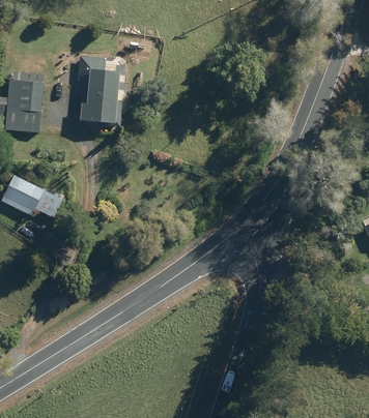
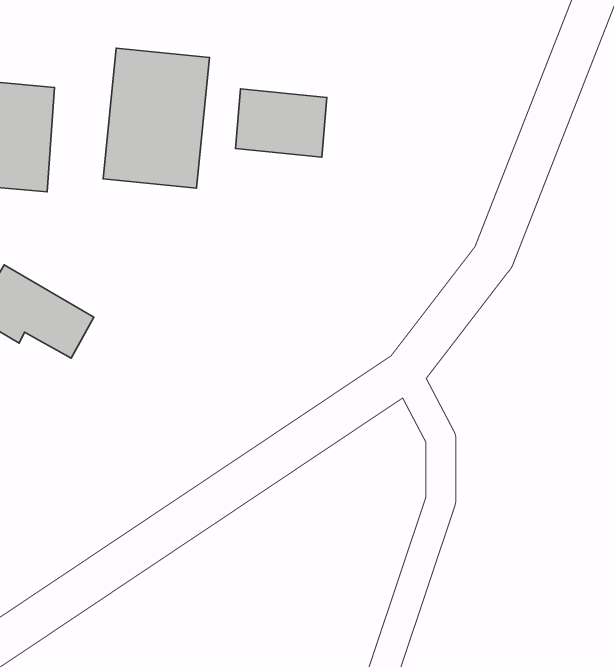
building: none -> [236,89,327,157]

